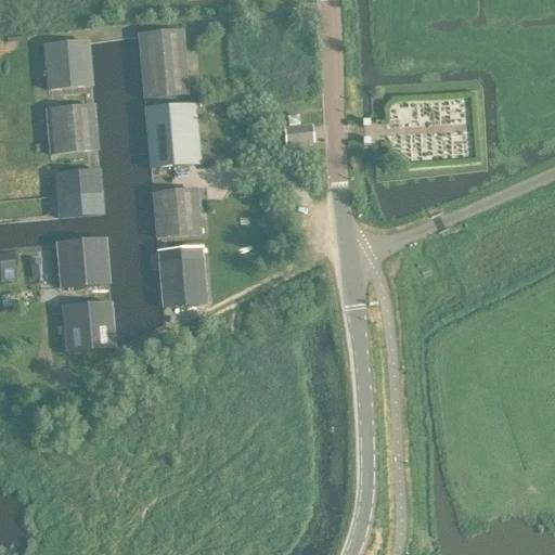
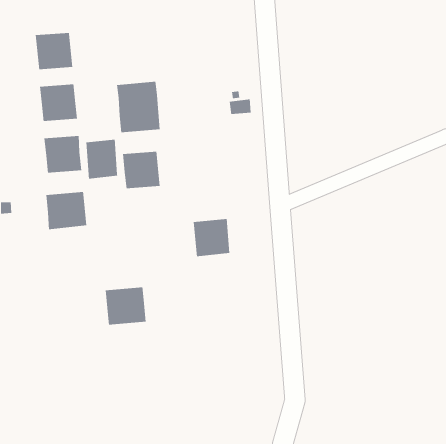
building: [138,28,188,95] -> none
building: none -> [86,139,118,179]
building: [158,257,205,305] -> [193,218,230,257]
building: [62,301,114,349] -> [105,287,147,325]

